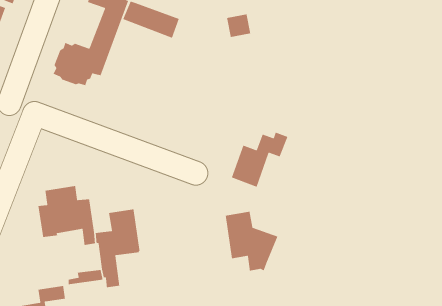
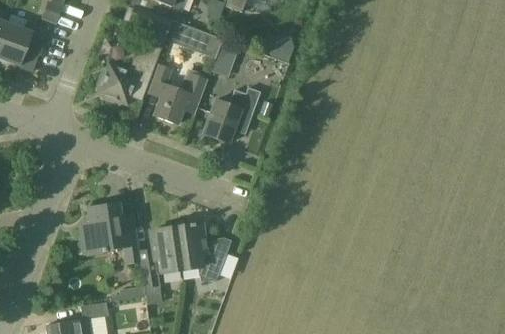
building: none -> [211,38,241,77]
building: none -> [150,65,207,125]
building: [231,131,288,188] -> [204,87,261,143]
building: [225,211,278,272] -> [177,222,230,282]

